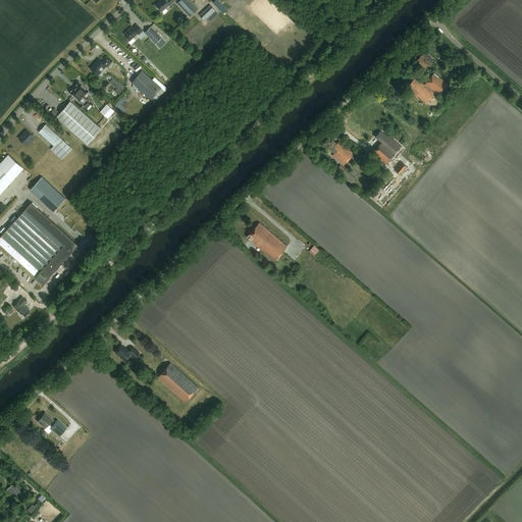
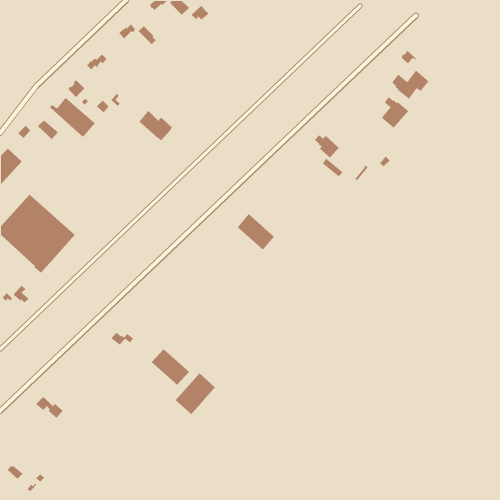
building: [132,70,167,103] -> [139,110,173,141]
building: [372,130,402,164] -> [381,96,409,129]
building: [29,177,64,212] -> none
building: none -> [175,373,216,415]

